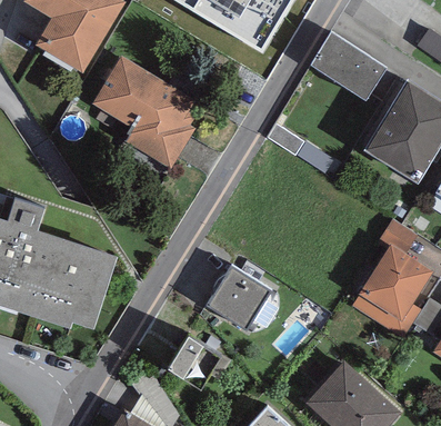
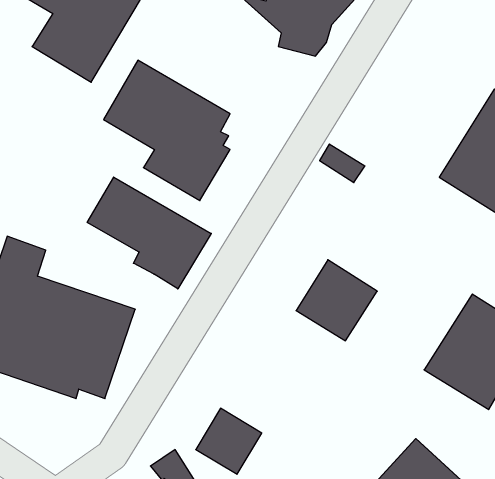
building: [310,32,387,100] -> none
building: none -> [87,177,211,289]
building: [206,265,271,330] -> [296,260,377,341]

